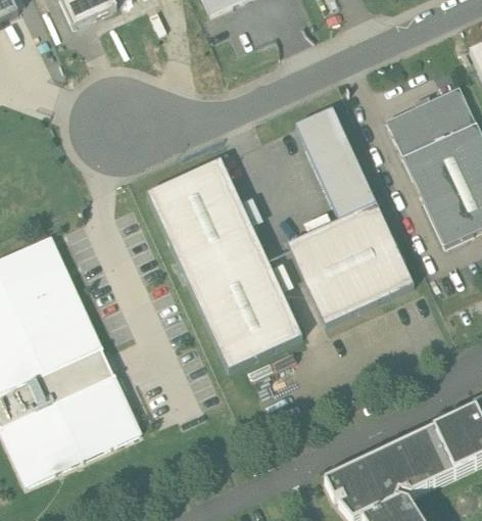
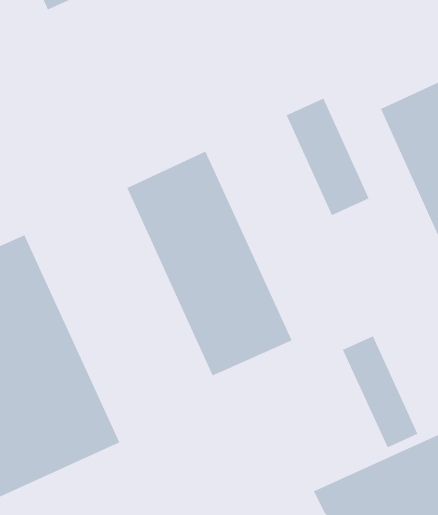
building: [286,201,414,325] -> none
building: none -> [342,336,418,448]

